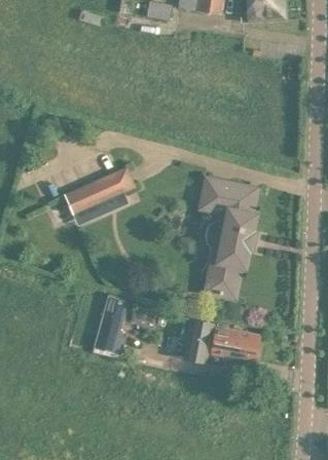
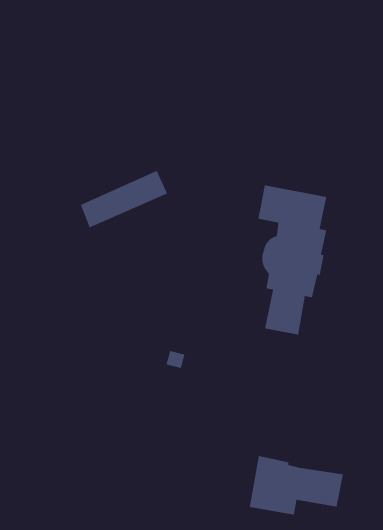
building: [94,297,127,354] -> none
building: [186,321,259,368] -> [249,455,344,515]

